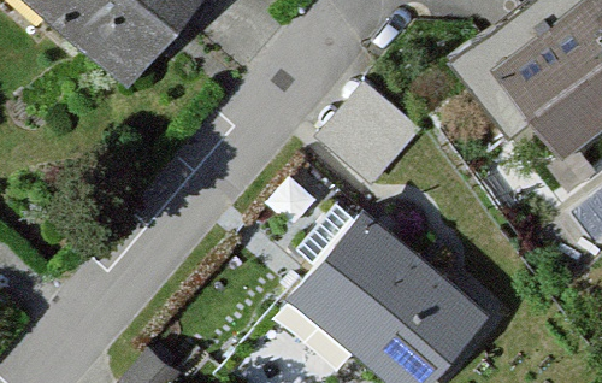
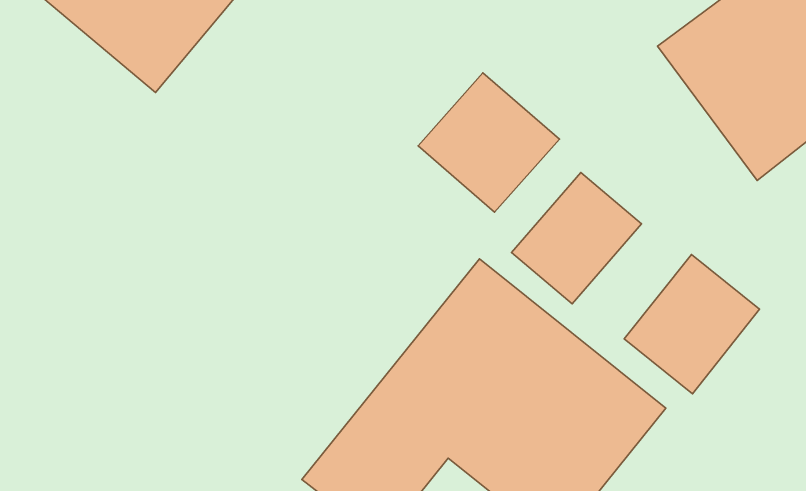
building: none -> [511,172,642,304]
building: none -> [624,254,760,394]

